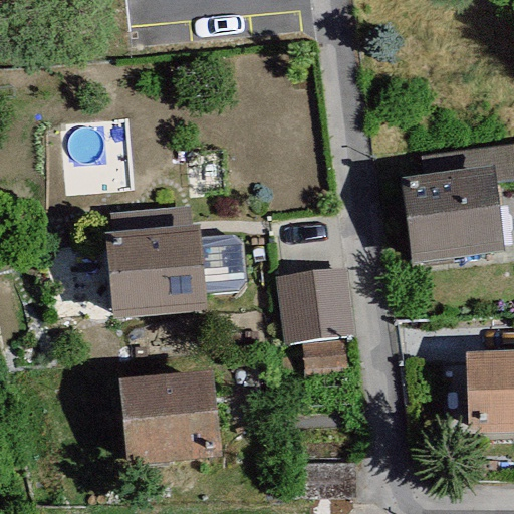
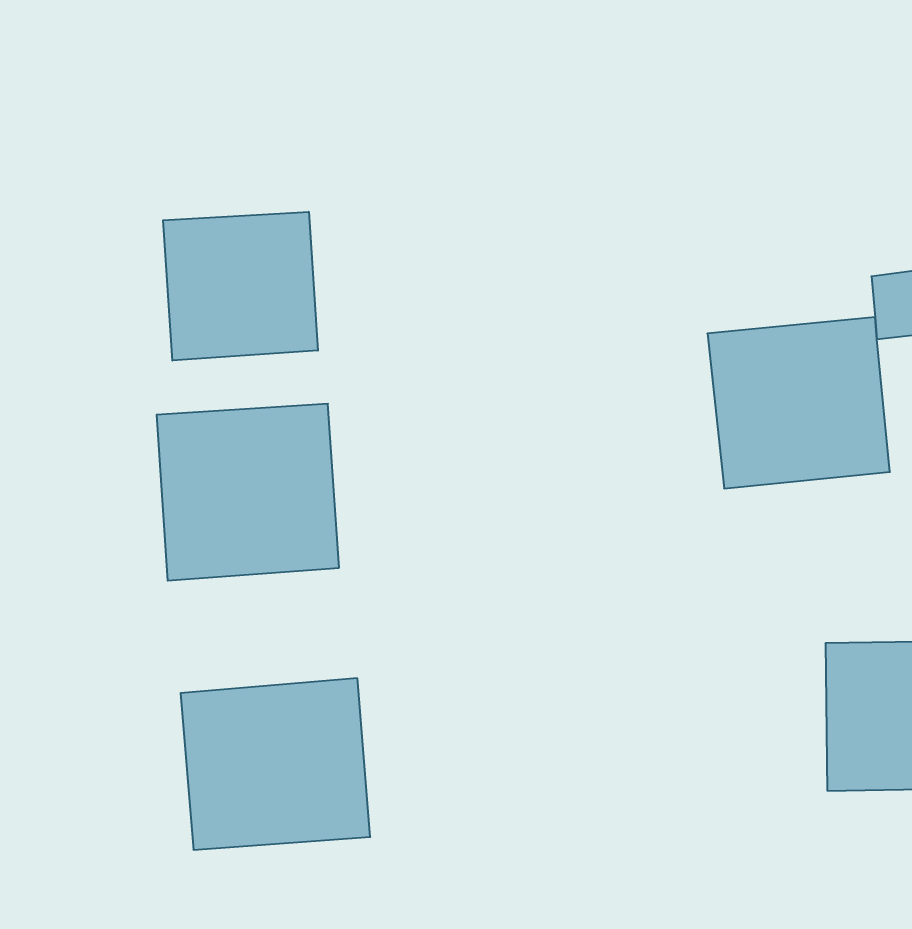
building: none -> [163,212,318,361]
building: [282,266,359,342] -> none

